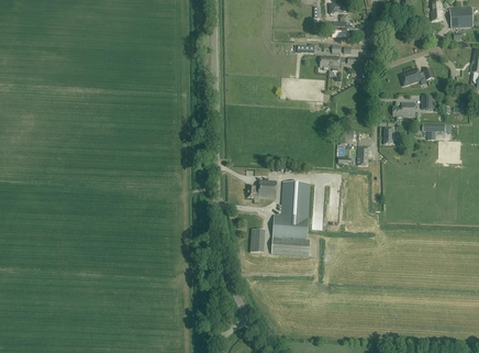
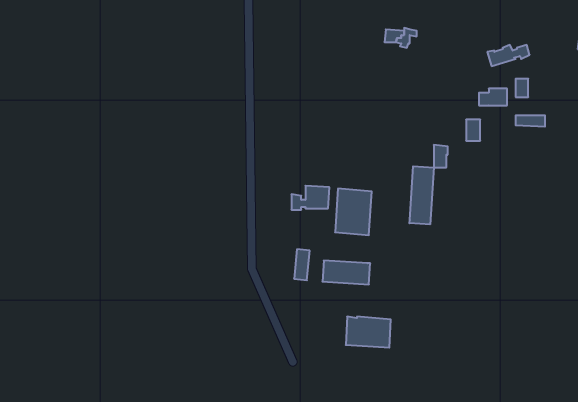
building: none -> [409,166,434,224]
building: [272,214,308,239] -> [346,317,391,348]

